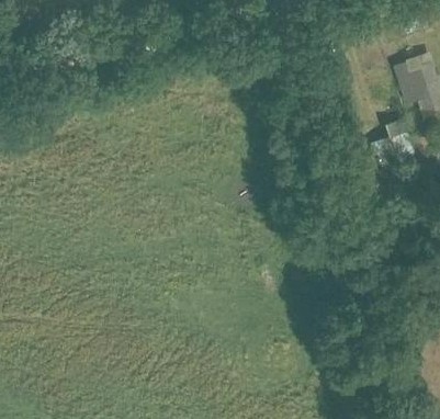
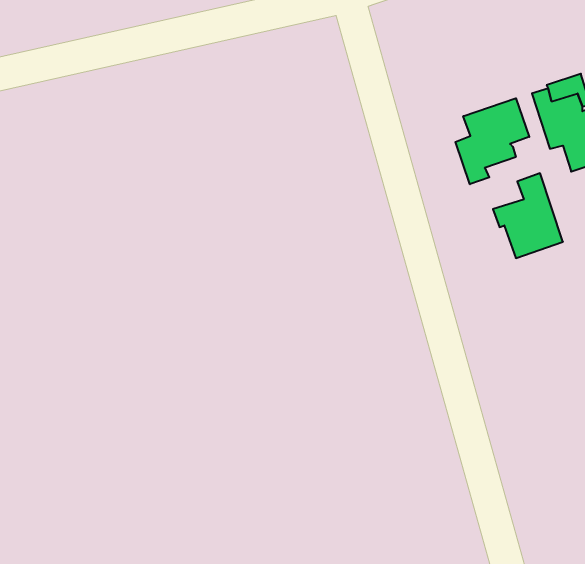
building: none -> [455,98,529,184]

